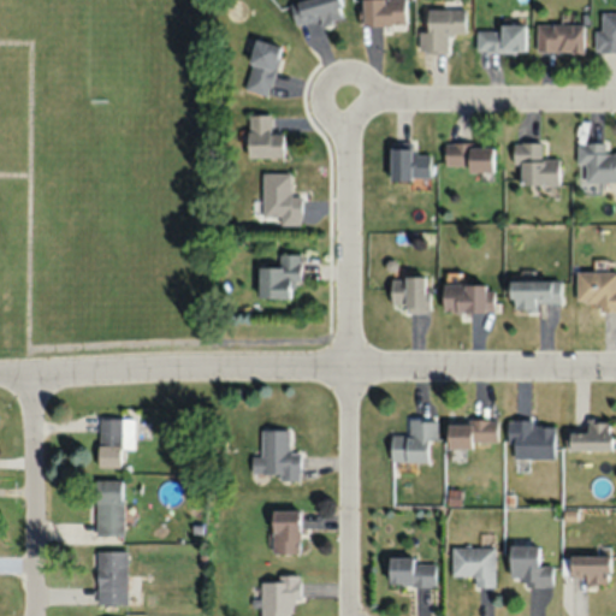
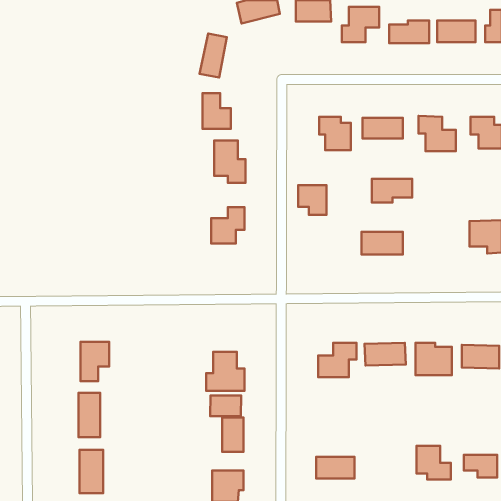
building: [392,278,427,314] -> [298,185,327,215]
building: [511,282,561,310] -> [372,179,412,203]
building: none -> [210,396,241,416]
building: [452,549,496,590] -> none

